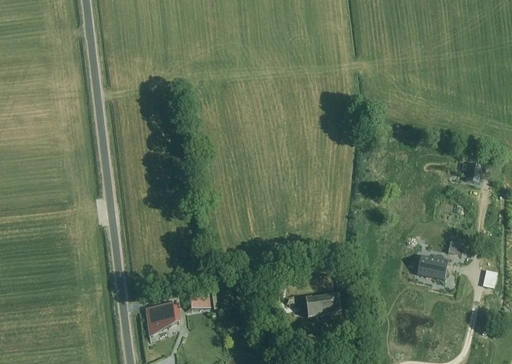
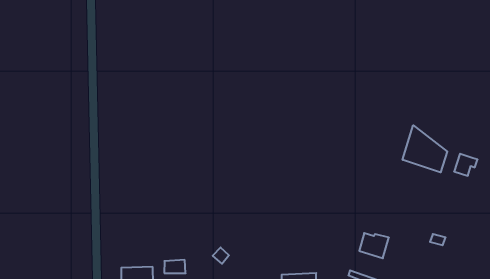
building: none -> [403,125,447,172]
building: [419,256,447,279] -> [359,233,389,258]

